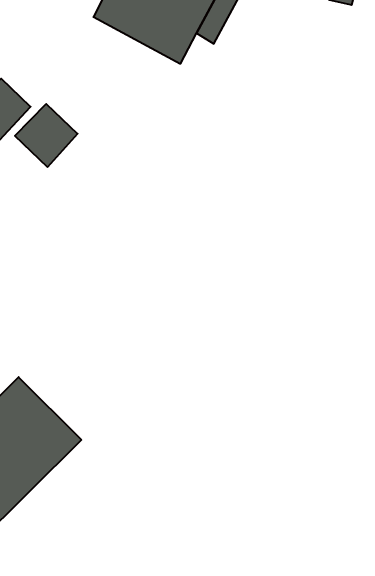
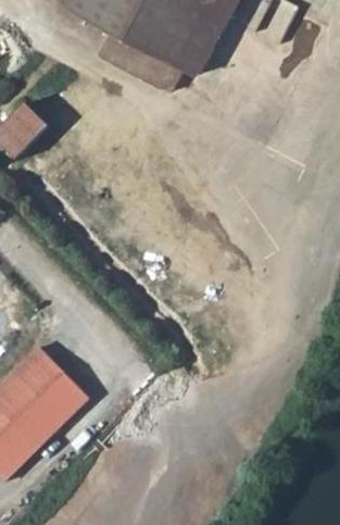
building: [15,104,78,167] -> none

